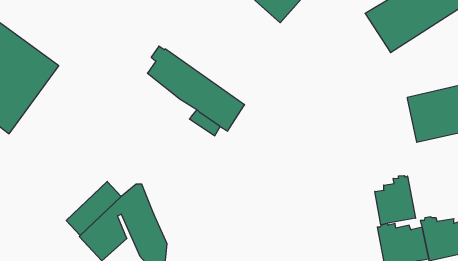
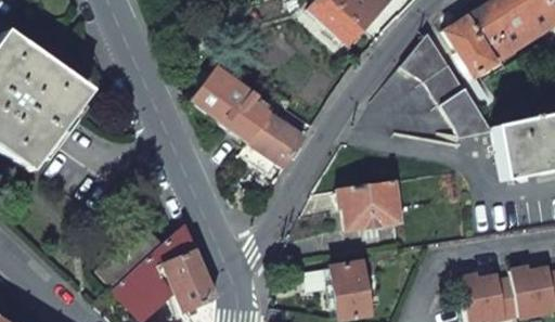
building: none -> [402,33,493,136]
building: none -> [336,179,399,229]
building: [375,176,416,225] -> none
building: none -> [314,256,378,311]

